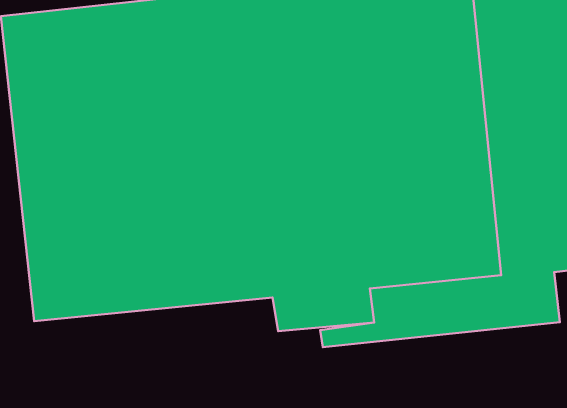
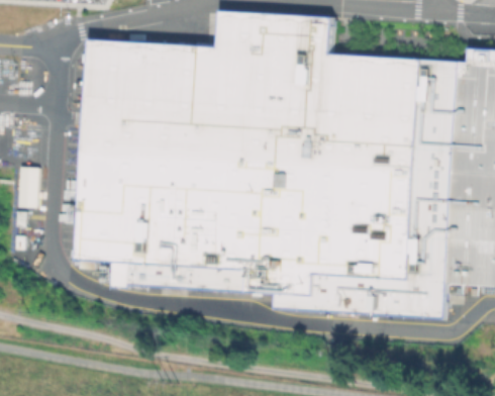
building: none -> [80,257,250,292]

